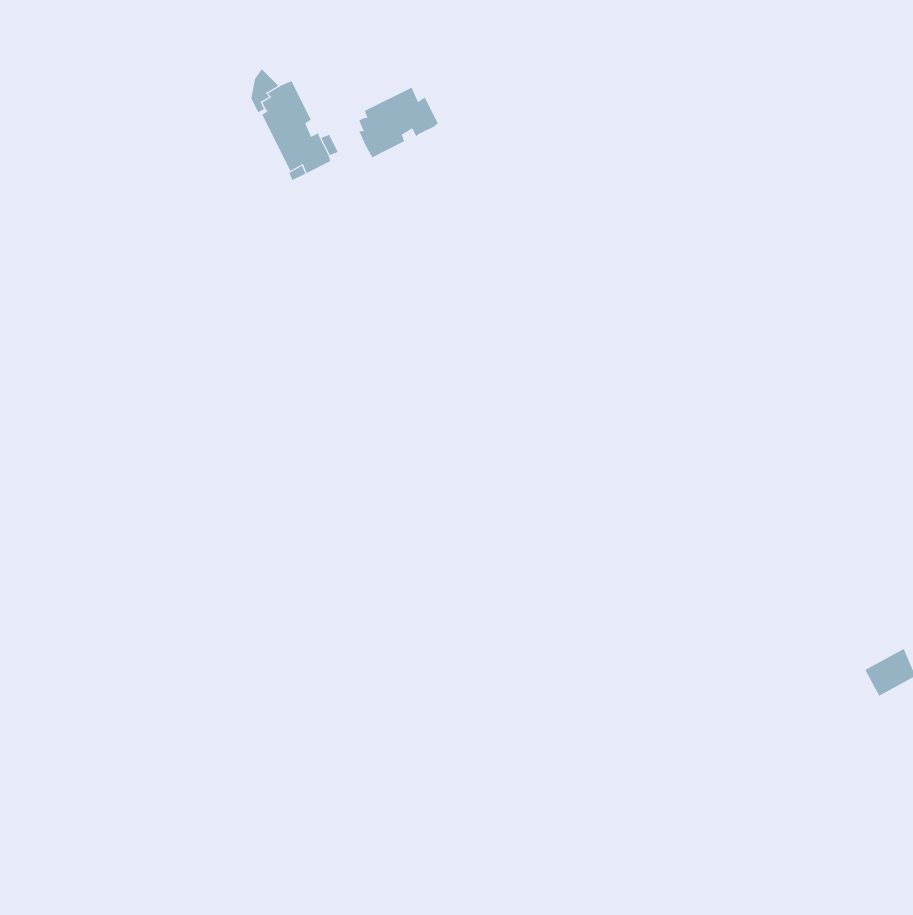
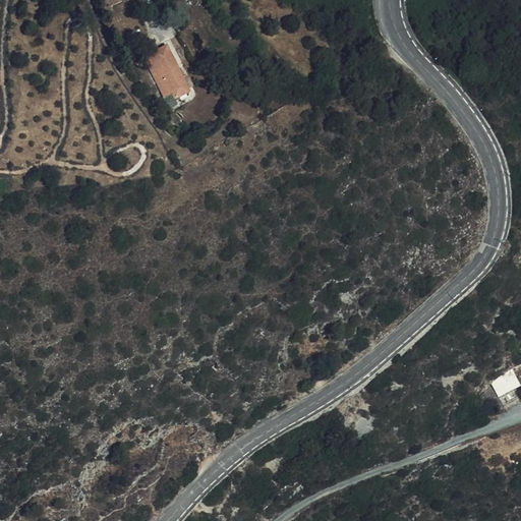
building: [358,87,438,158] -> none

